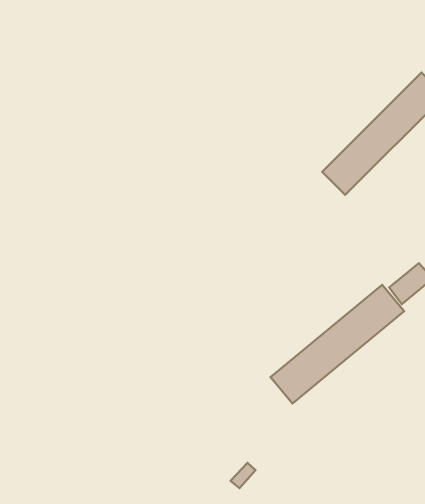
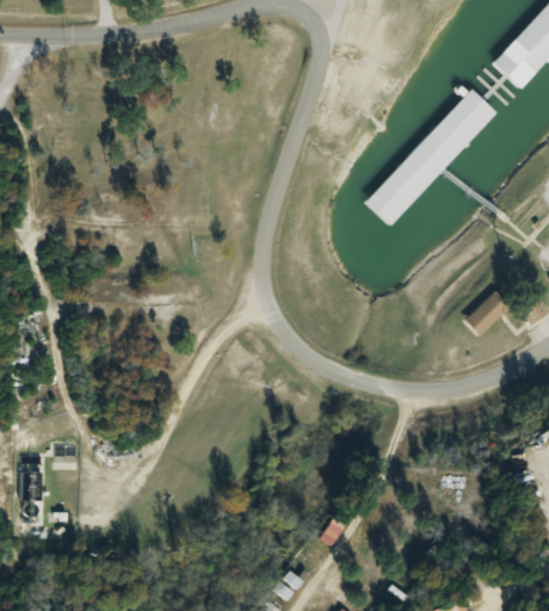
building: [271,285,404,404] -> none

